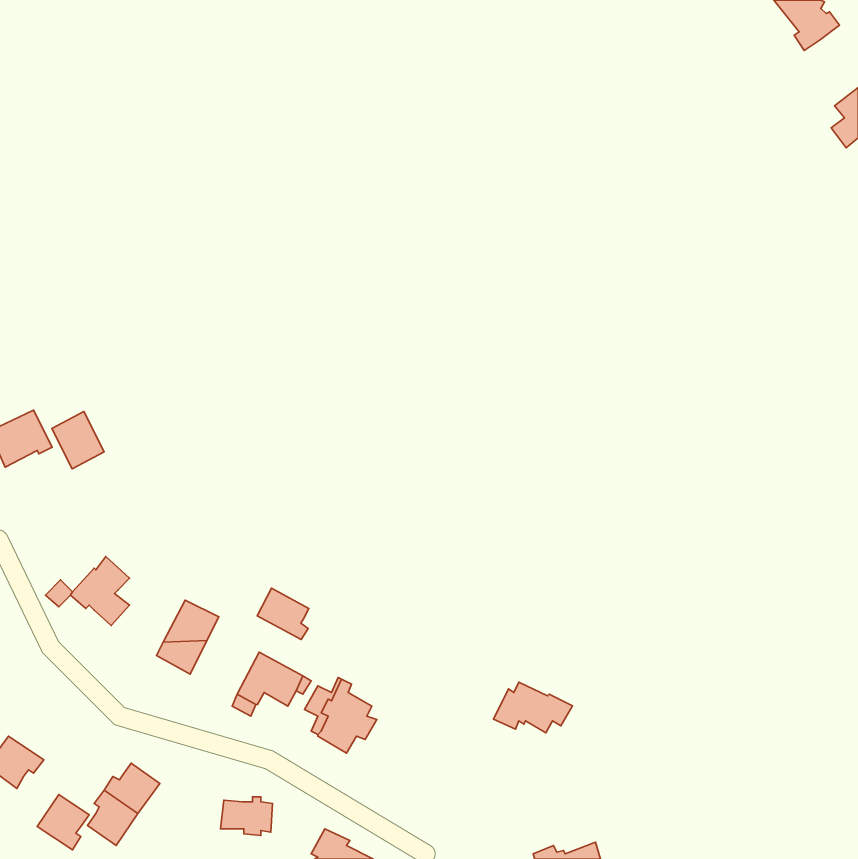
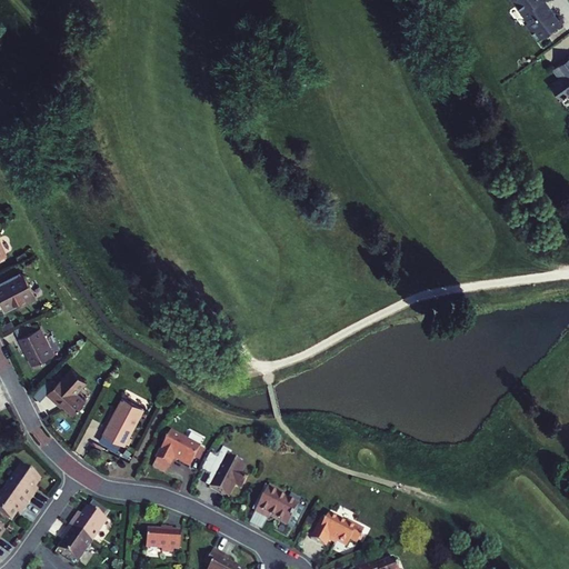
building: [52,412,104,469] -> [18,327,52,365]
building: [257,588,309,639] -> none
building: [494,682,573,733] -> [311,513,363,547]
building: none -> [256,486,299,525]
building: [37,795,89,850] -> [6,466,40,502]

